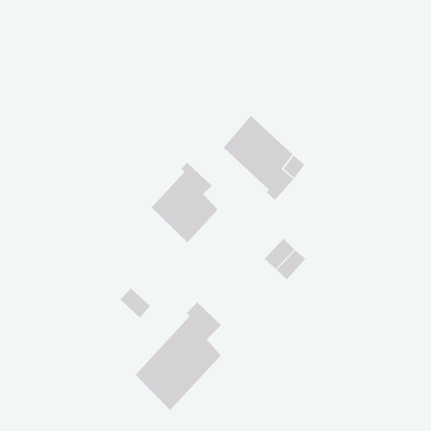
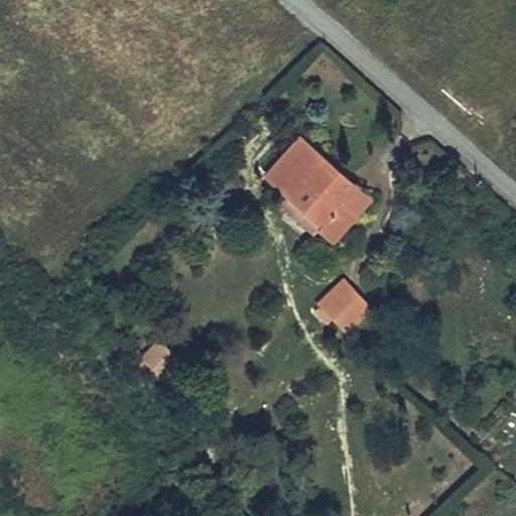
building: [151,162,218,243] -> none
building: [135,301,222,411] -> none

